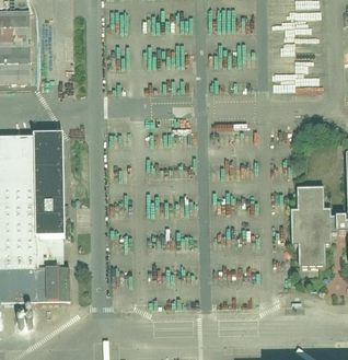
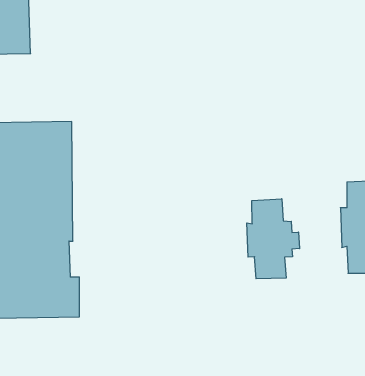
building: none -> [247,199,300,279]

